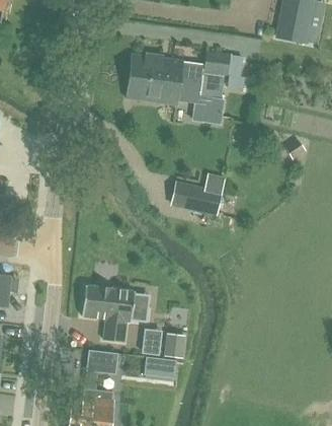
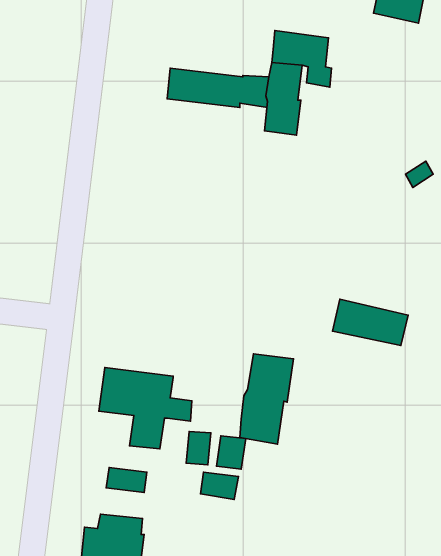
building: [132,52,203,82] -> none
building: [169,183,222,215] -> [333,299,408,346]
building: none -> [240,354,293,444]

